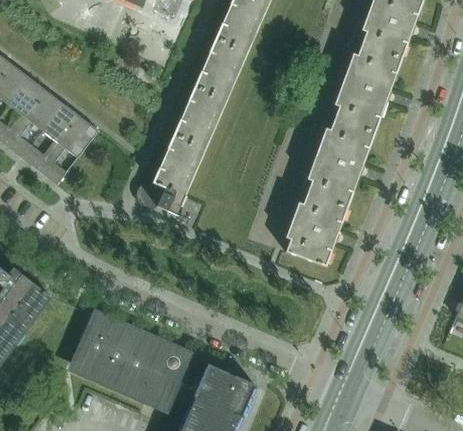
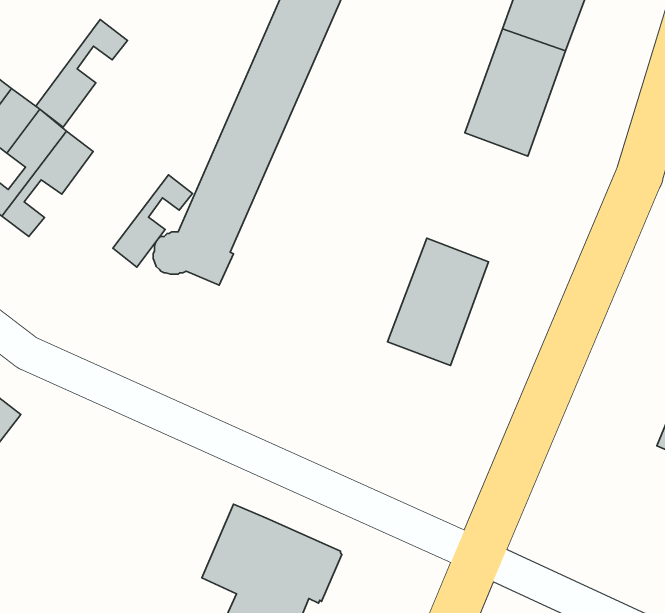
building: none -> [36,19,128,127]
building: [309,119,373,201] -> none
building: none -> [113,175,193,267]
building: [72,315,186,409] -> none

